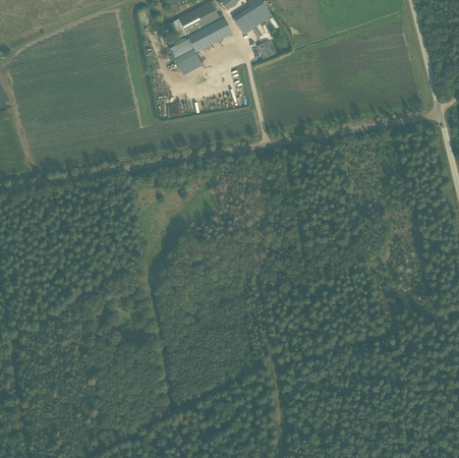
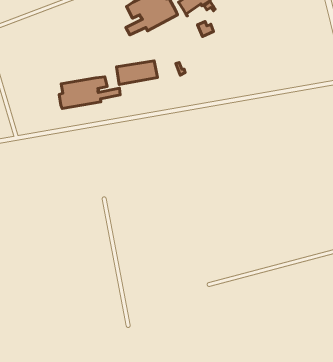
building: [174,50,200,75] -> none
building: none -> [59,77,120,109]

